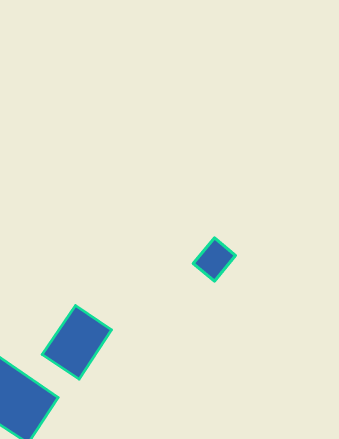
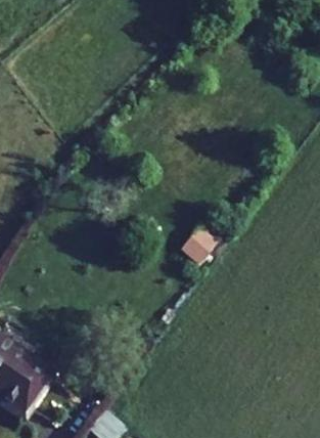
building: [42,306,111,379] -> none

